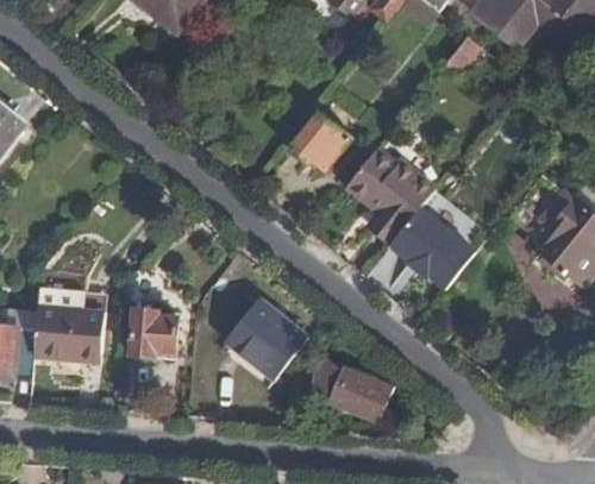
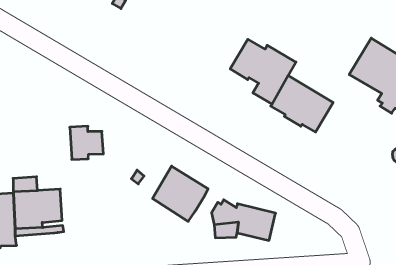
building: [299,111,356,163] -> none
building: [127,314,174,360] -> [70,126,103,159]

